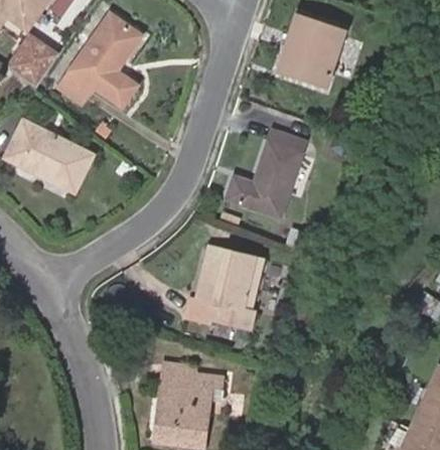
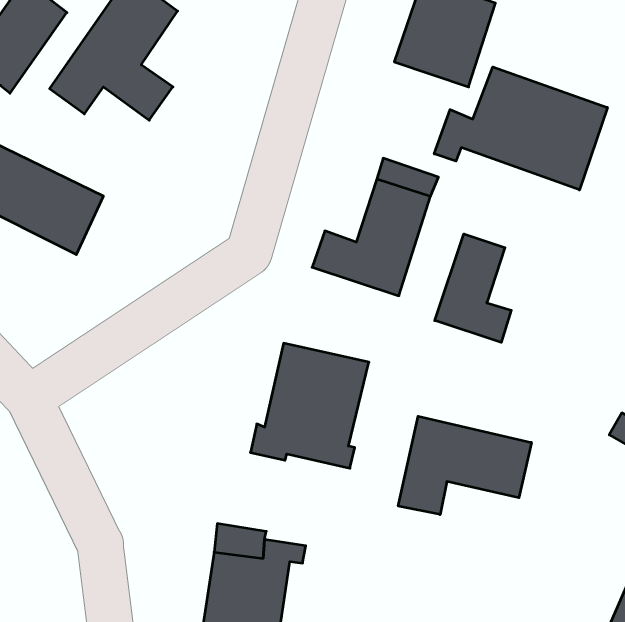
building: none -> [434,67,607,190]
building: none -> [435,234,511,342]
building: none -> [398,416,531,515]

